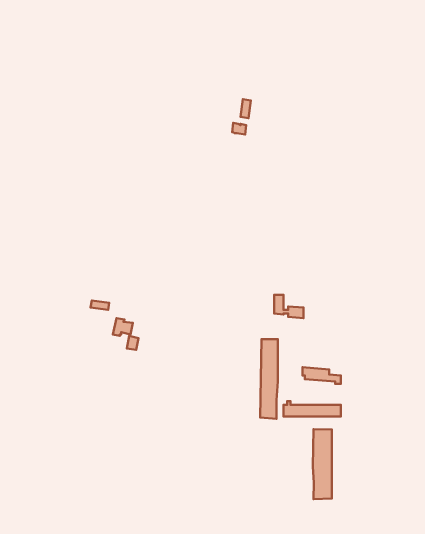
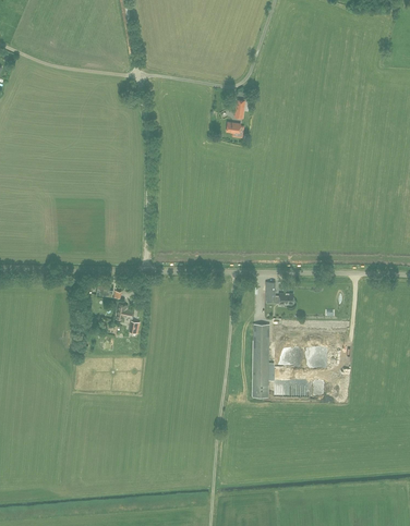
building: [313,429,332,499] -> none

